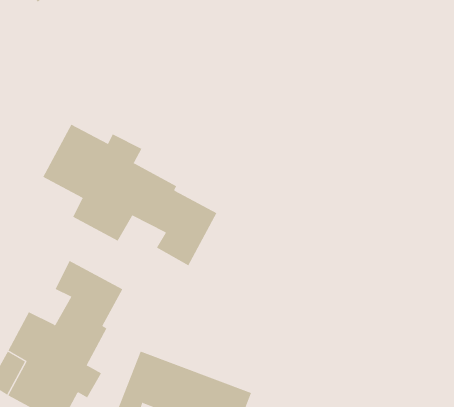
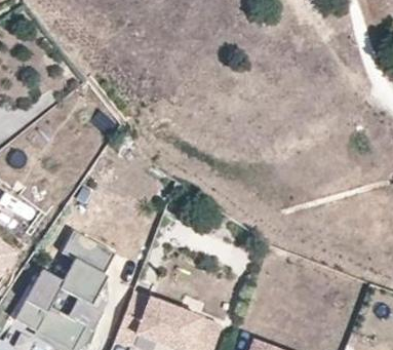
building: [43,124,217,266] -> none

